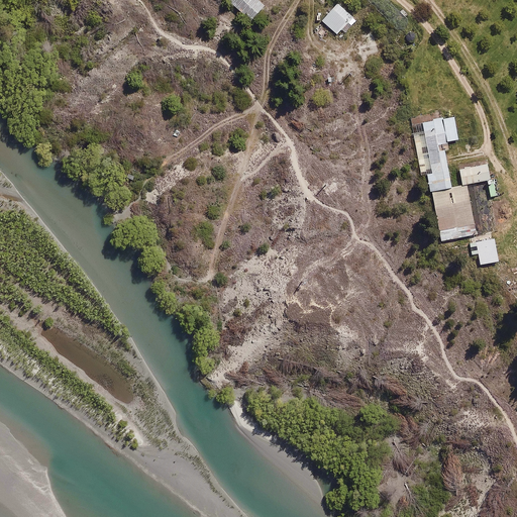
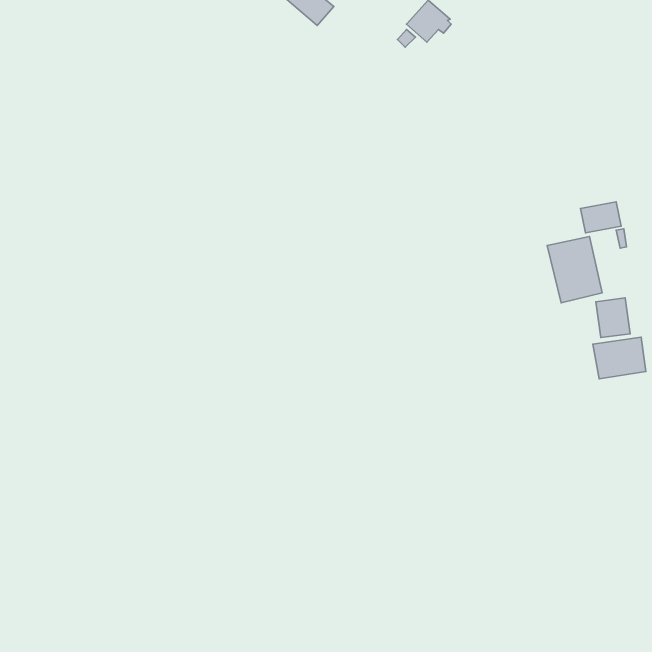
building: [413,115,457,191] -> none
building: none -> [593,337,646,379]

